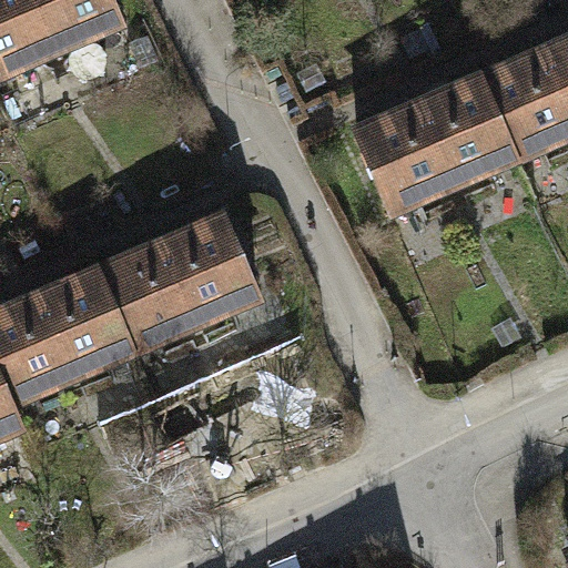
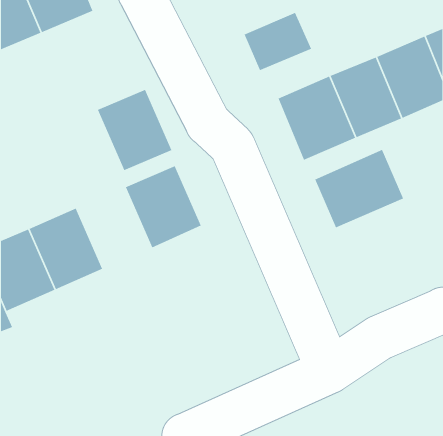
building: none -> [243,12,312,71]
building: none -> [314,149,404,228]
building: [98,239,194,344] -> [97,89,172,171]

